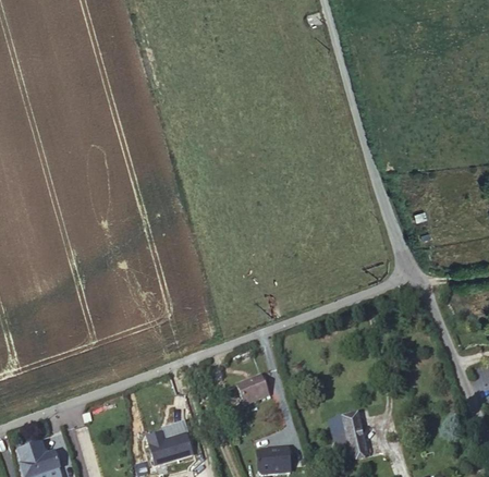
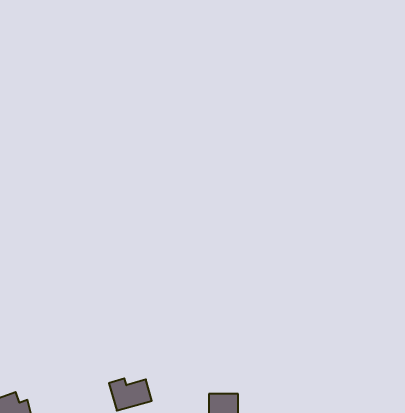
building: [236,375,268,404] -> none
building: [329,414,366,457] -> none

